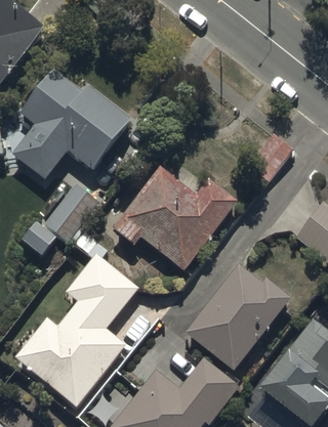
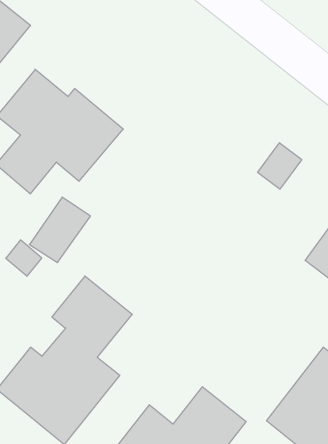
building: [113,164,237,271] -> none
building: [183,263,291,373] -> none

